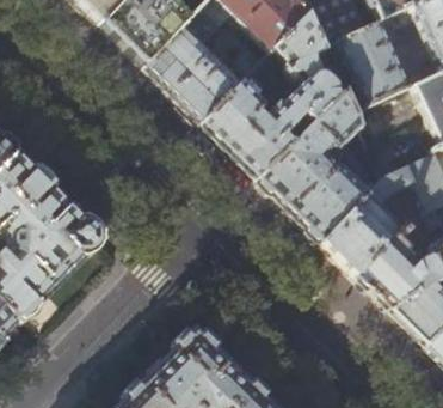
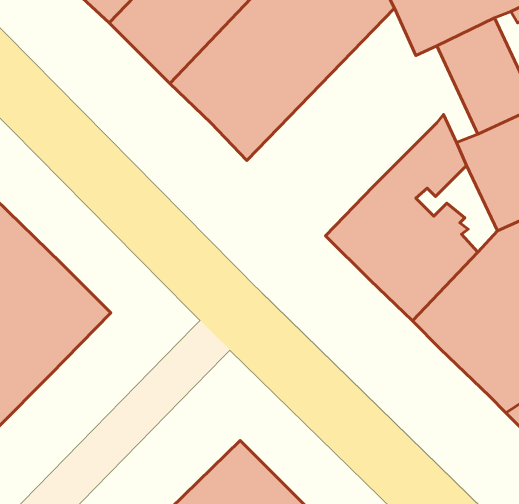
building: [201,11,339,177] -> none

